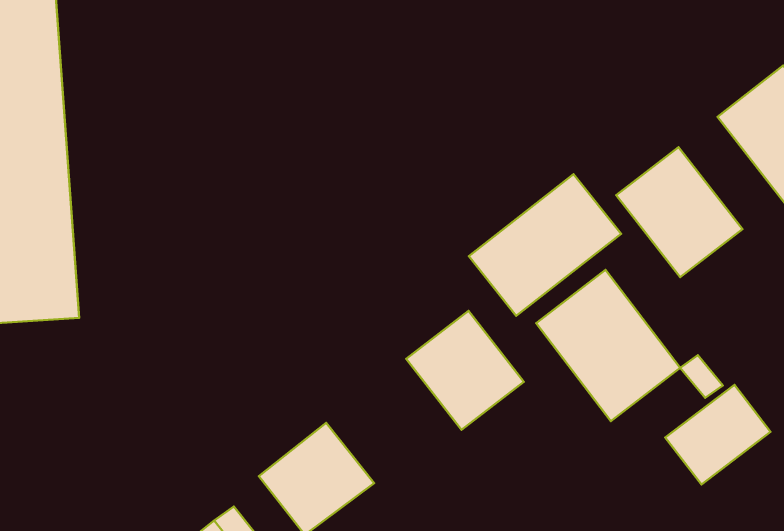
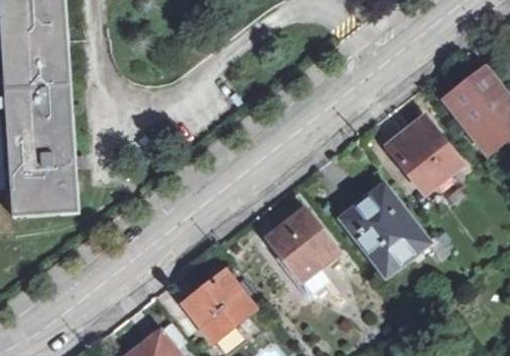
building: [469,174,621,316] -> none
building: [665,385,771,485] -> none

